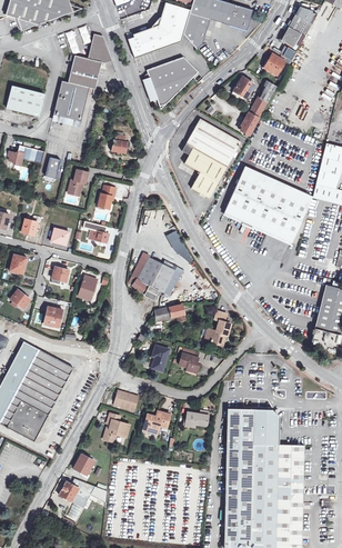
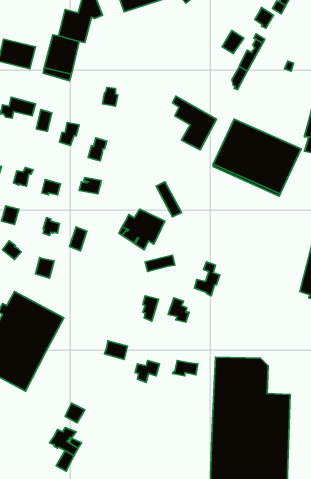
building: [143,57,199,107] -> none
building: [187,118,242,167] -> none
building: [103,414,130,445] -> none

